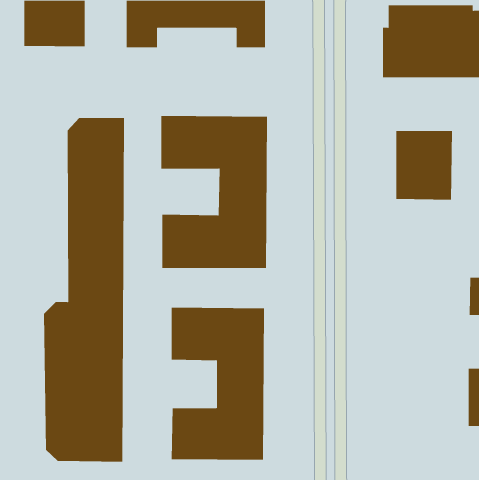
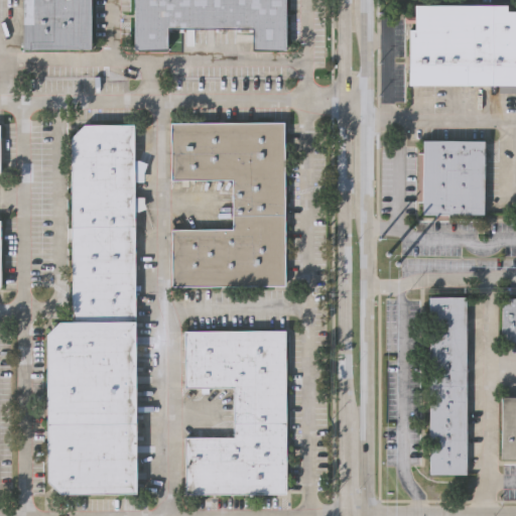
building: none -> [429,295,468,472]

